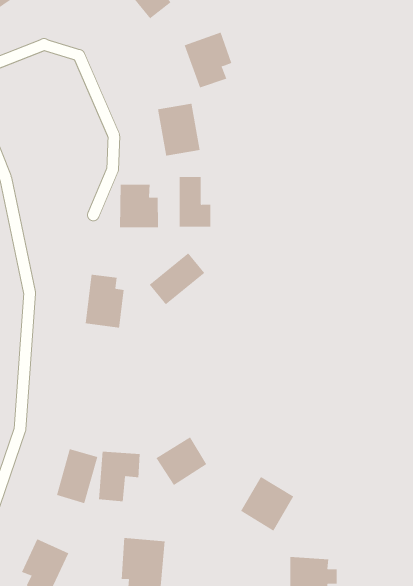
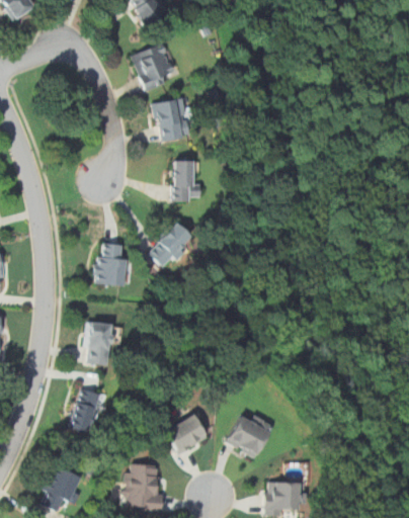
building: [184,32,232,88] -> [132,42,172,90]
building: [120,184,158,228] -> none
building: [155,437,207,486] -> [164,413,208,454]
building: [98,451,140,502] -> [86,322,121,364]

